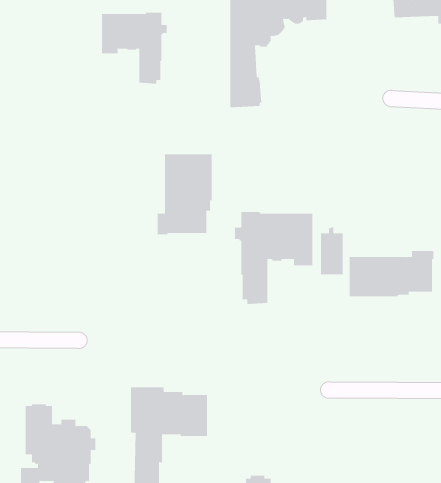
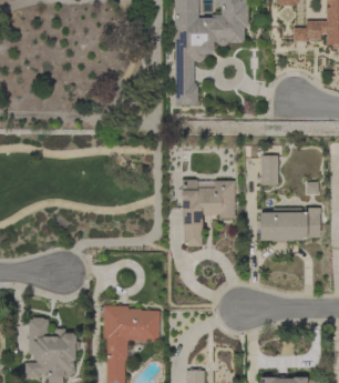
building: [101,12,167,84] -> none
building: [157,154,212,235] -> none
building: [320,227,344,275] -> [261,151,278,185]

